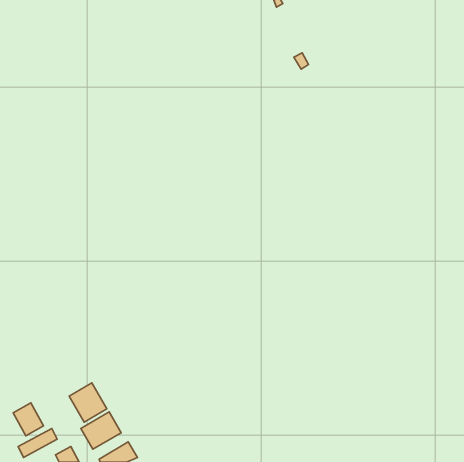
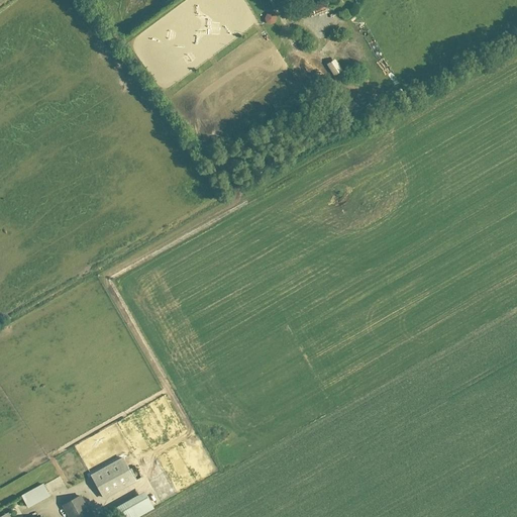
building: [69,383,107,422] -> none
building: [13,403,43,436] -> none

